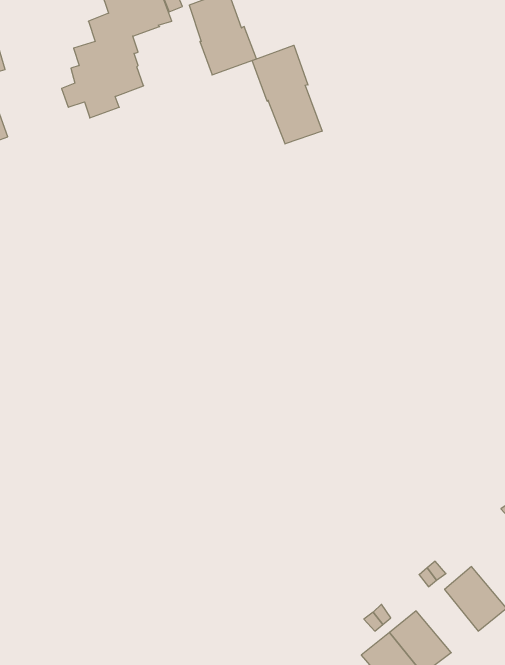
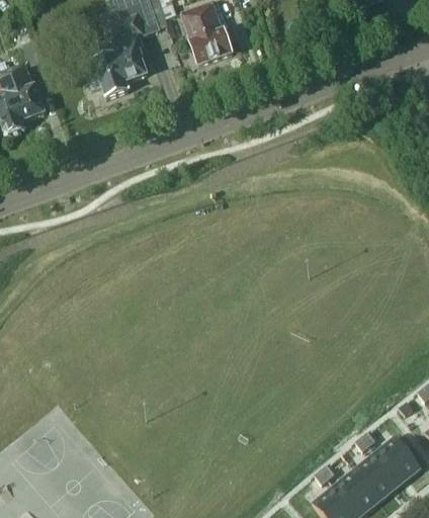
building: [252,45,322,144] -> none
building: none -> [353,452,400,500]

